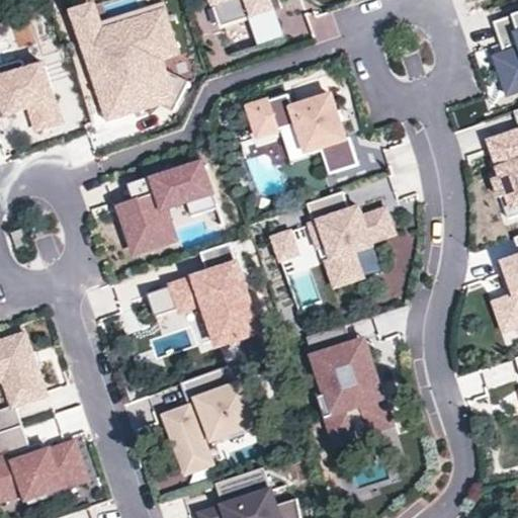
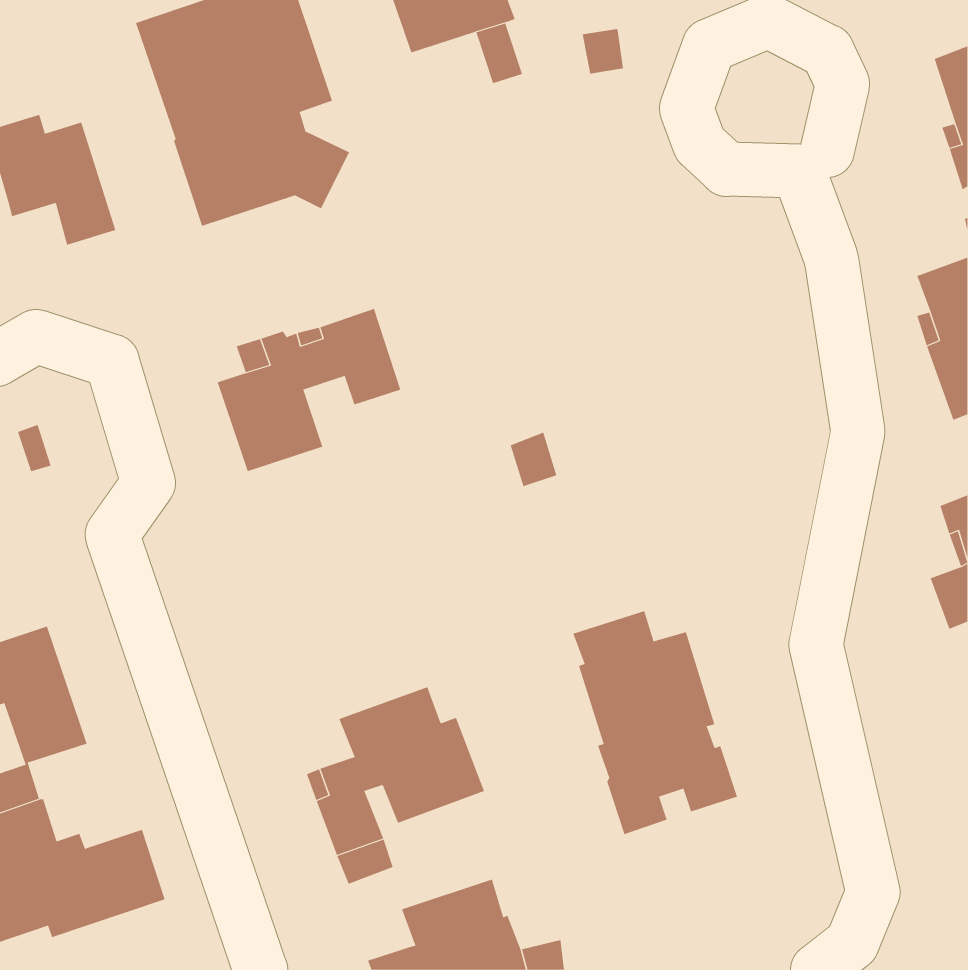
building: [242,94,354,175] -> none
building: [307,190,395,287] -> none
building: [155,266,270,348] -> none

